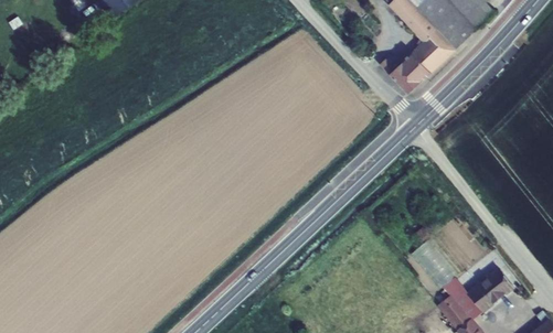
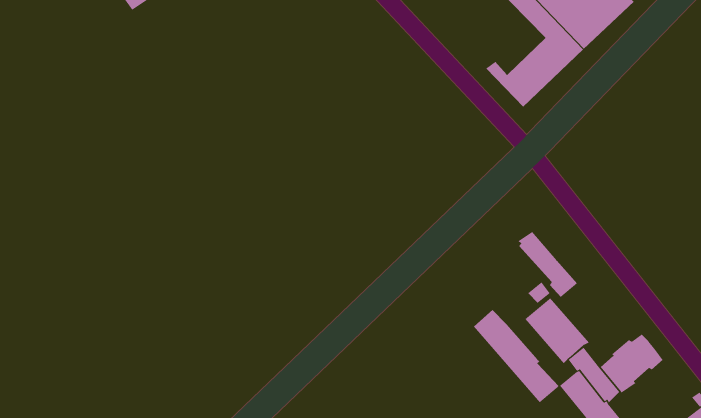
building: none -> [517,231,578,298]
building: none -> [473,309,559,403]

